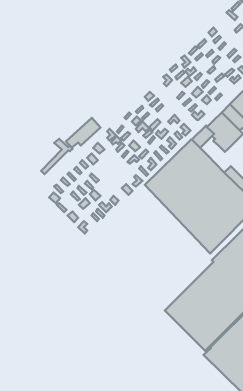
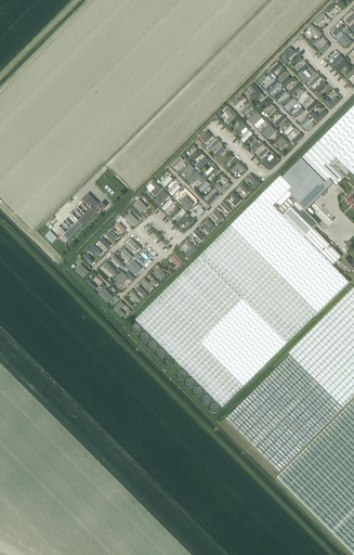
building: [66,118,101,147] -> none
building: none -> [283,202,318,237]
building: none -> [135,254,286,405]

